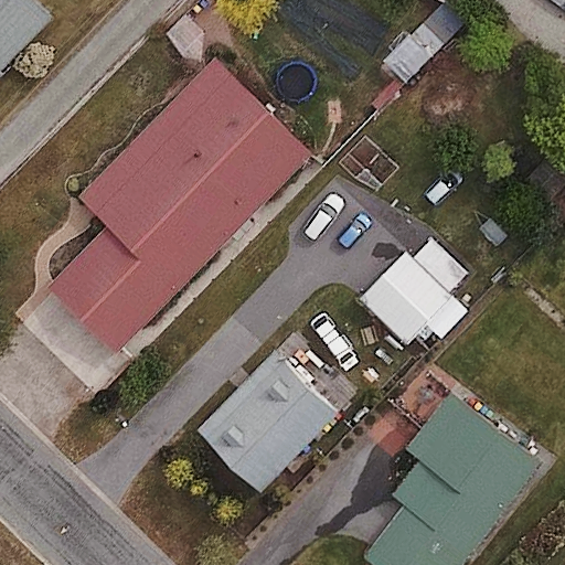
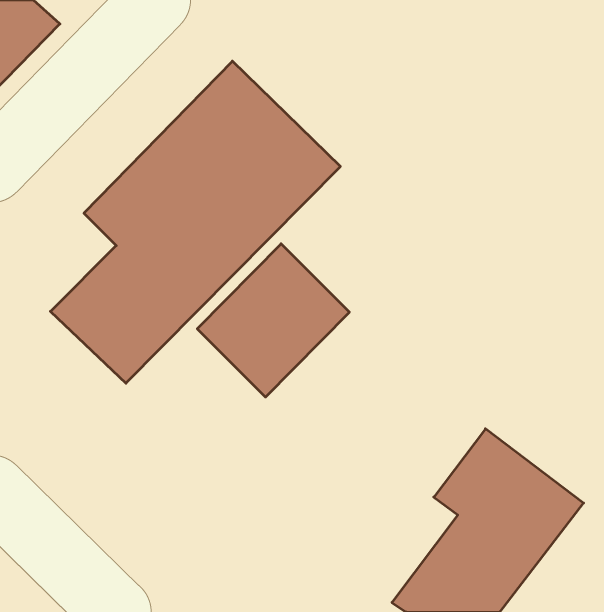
building: [360,253,450,342] -> none
building: [198,352,338,493] -> [197,244,349,397]

